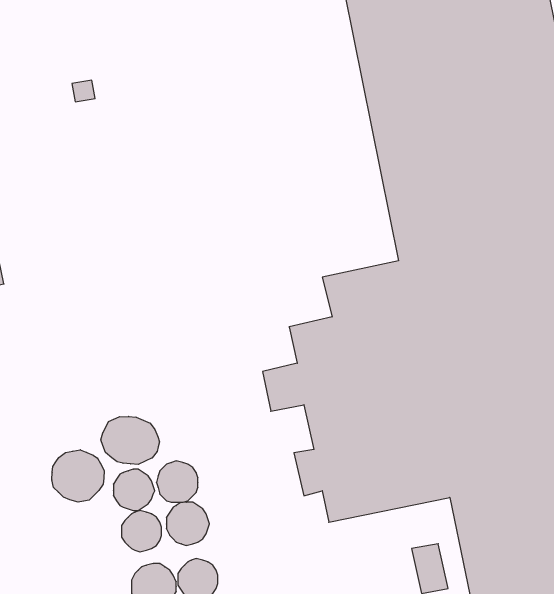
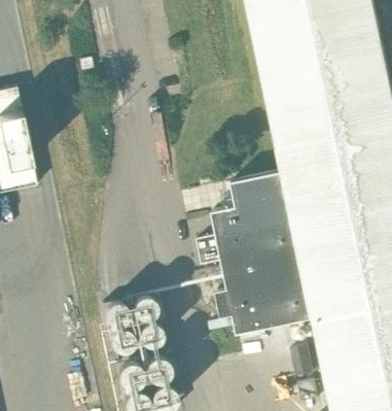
building: [101,416,159,464] -> none
building: [52,450,104,502] -> none

